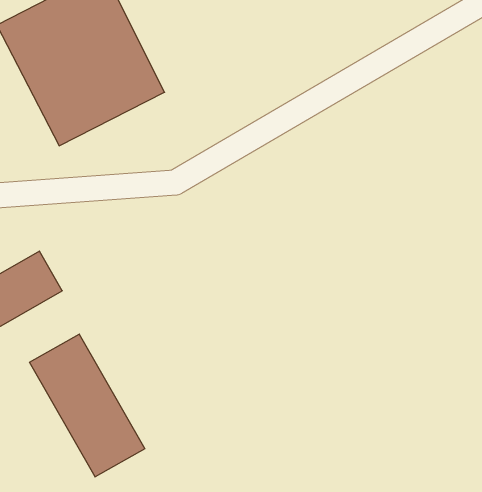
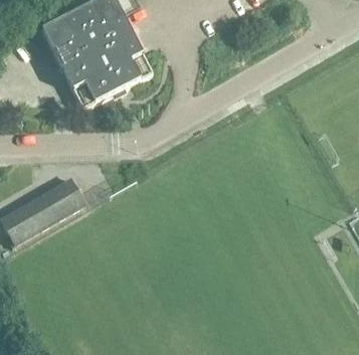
building: [30,334,145,477] -> none

